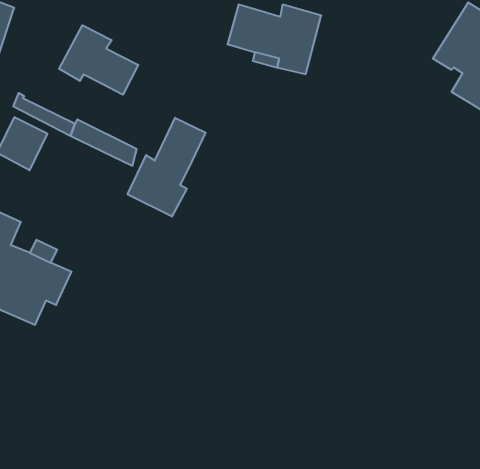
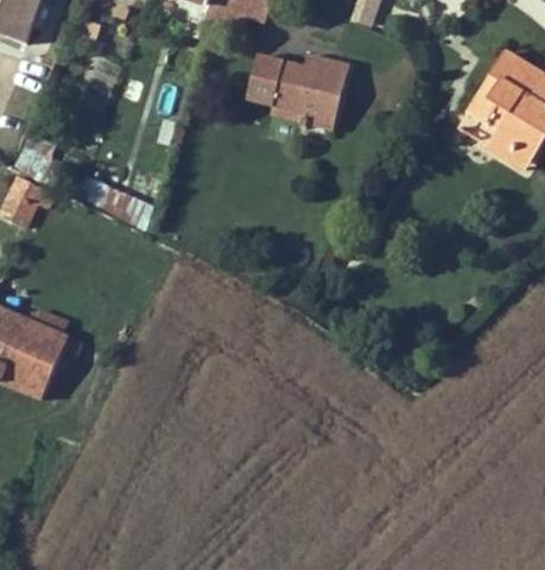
building: [59,25,138,95] -> none
building: [128,118,205,217] -> none

